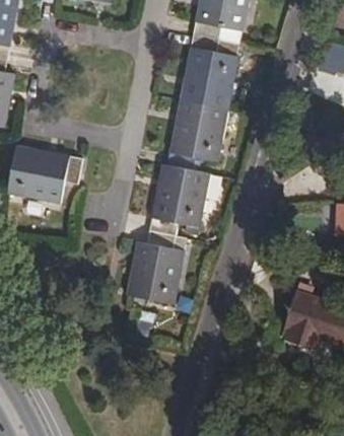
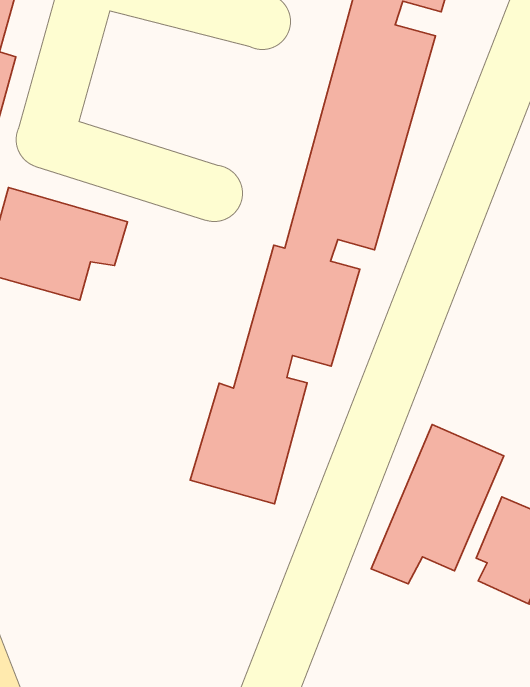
building: none -> [371,424,504,584]

